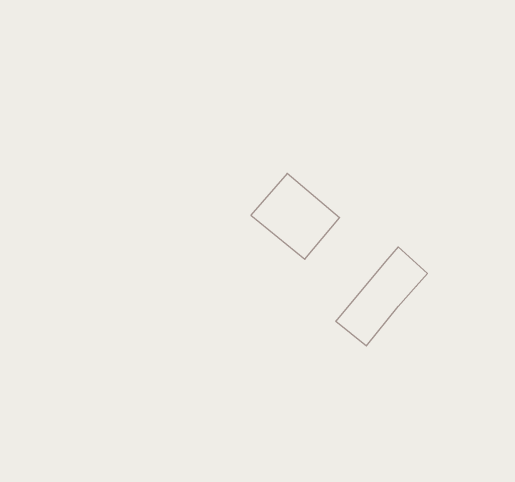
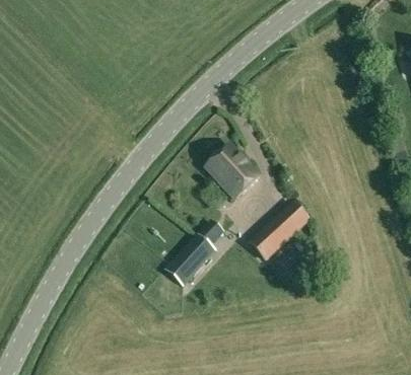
building: none -> [164,221,218,285]

